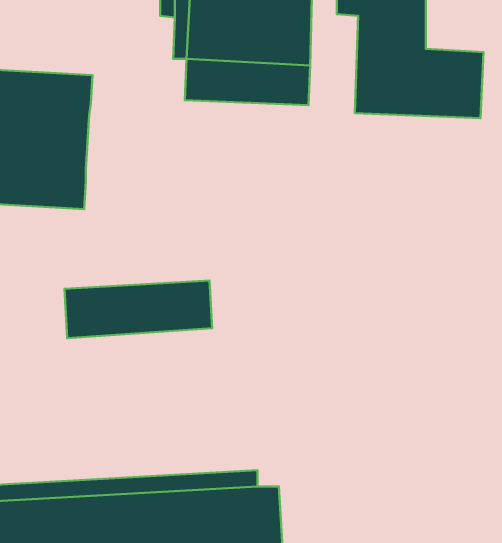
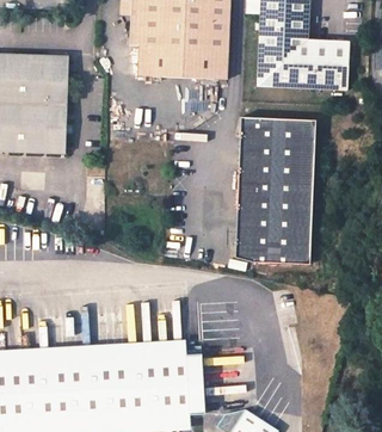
building: none -> [240,117,315,263]
building: [64,281,212,338] -> none

